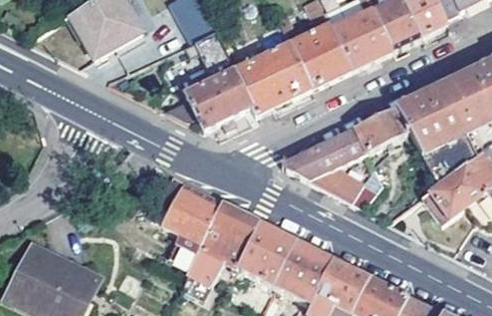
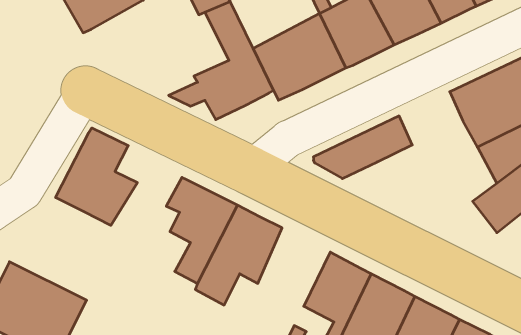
building: [357,105,411,149] -> none
building: none -> [56,128,137,225]
building: [310,164,384,207] -> none
building: [240,219,300,284] -> none

